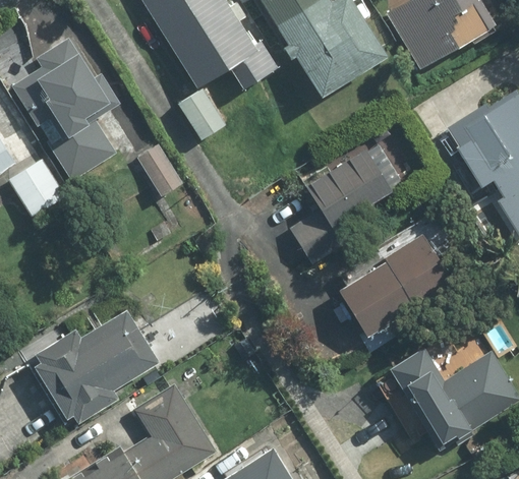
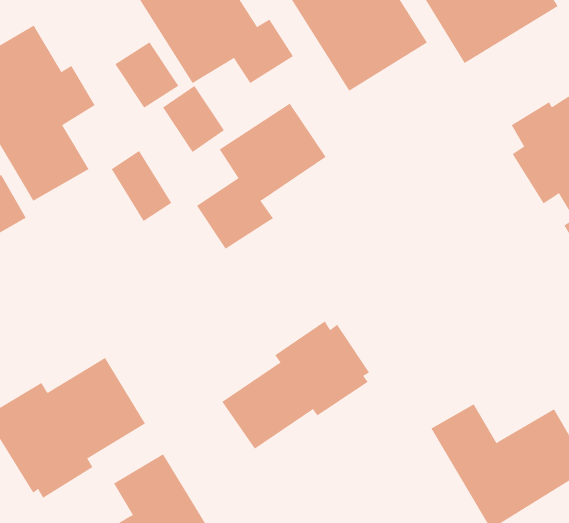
building: none -> [114,42,179,108]
building: [289,145,395,264] -> [196,103,327,250]
building: [341,234,453,334] -> none
building: none -> [221,320,370,449]

